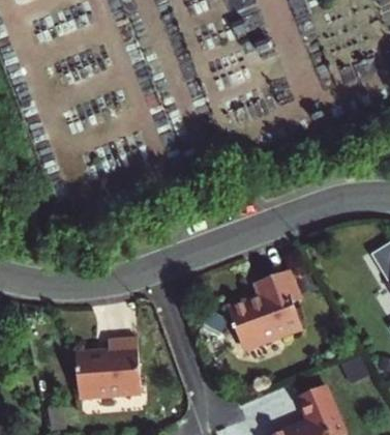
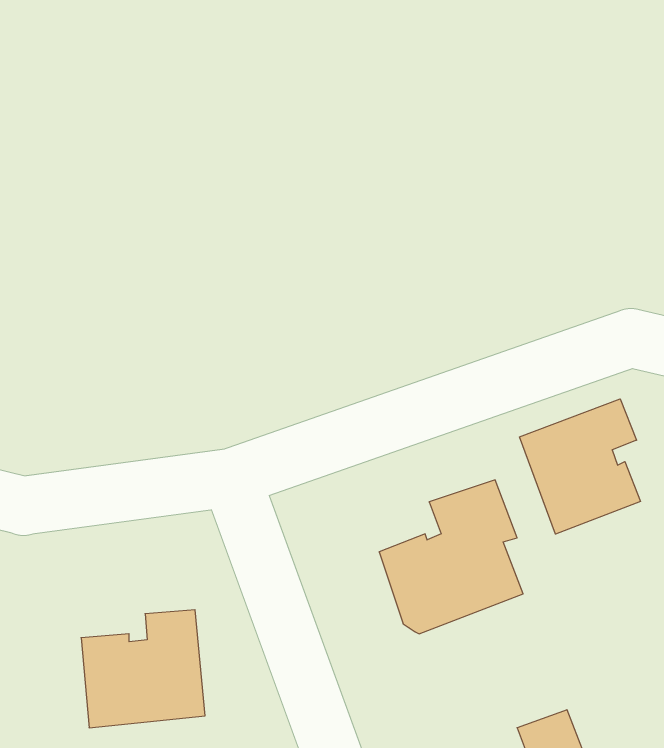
building: none -> [520,399,641,534]

